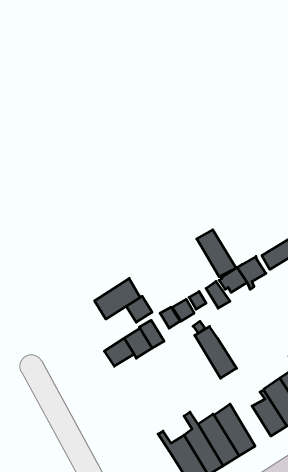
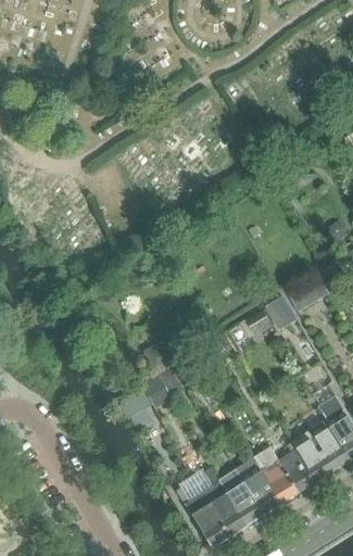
building: [197,230,236,277] -> none
building: [95,278,140,319] -> none
building: [195,326,237,378] -> [253,446,299,503]

